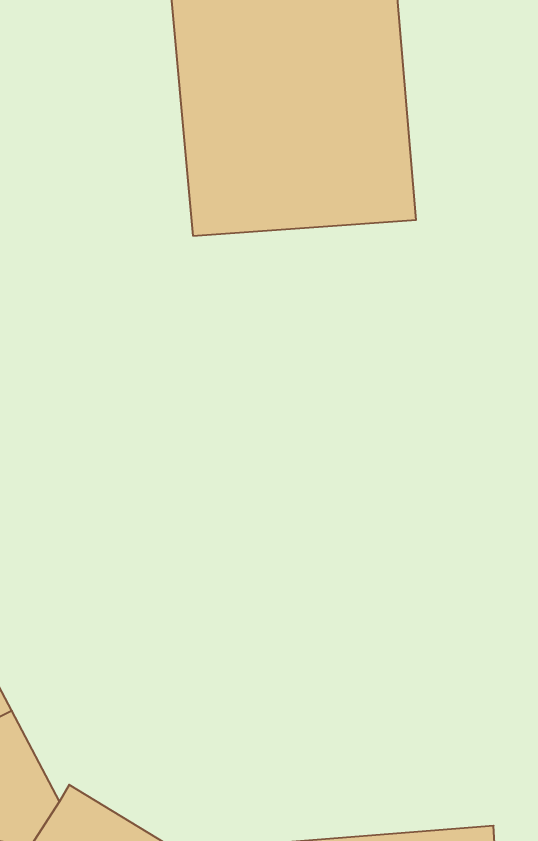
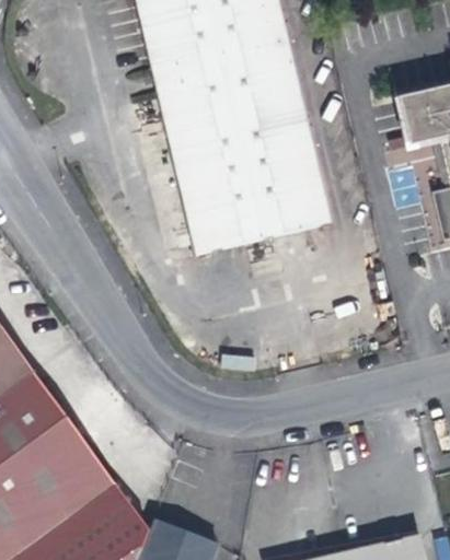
building: none -> [177,144,330,258]

